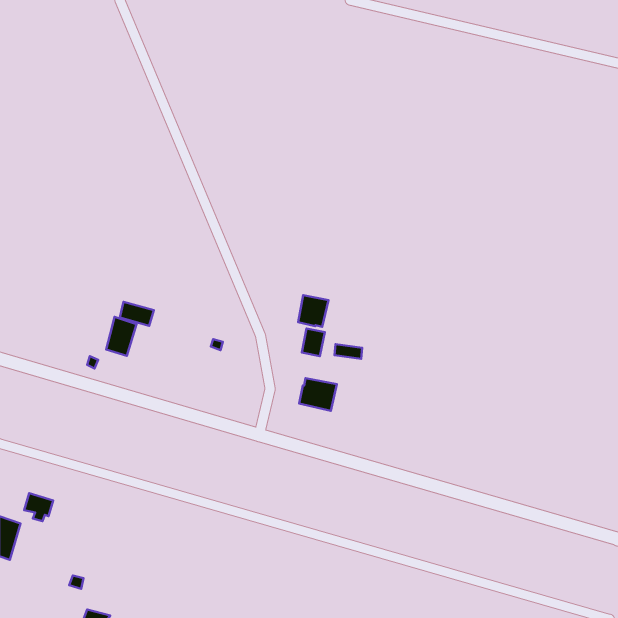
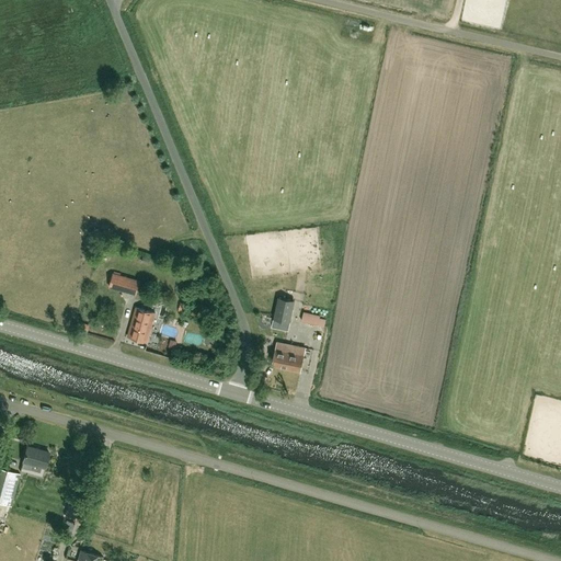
building: [298,295,329,327] -> none
building: [106,317,136,356] -> [126,308,153,343]

